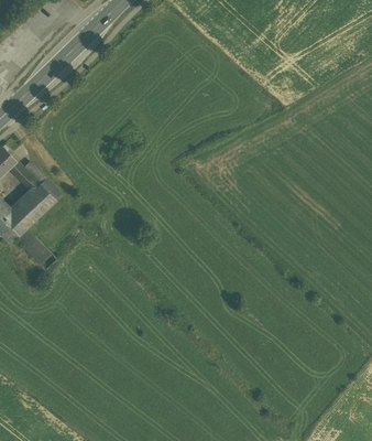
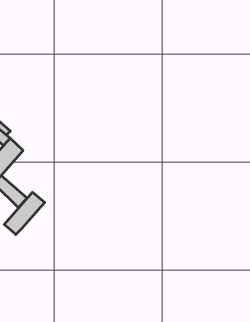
building: none -> [4,192,45,235]

